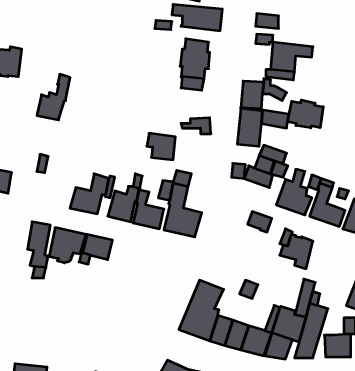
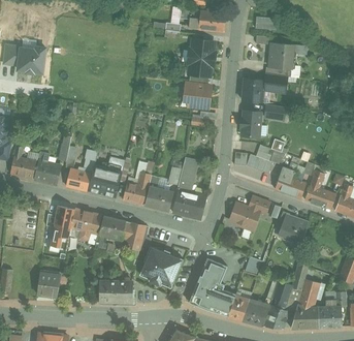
building: [37,74,70,120] -> [67,150,97,191]
building: [288,100,323,128] -> none
building: [147,133,175,160] -> [185,84,211,107]
building: none -> [34,160,61,184]
building: none -> [230,203,260,227]
building: none -> [125,222,146,250]
building: none -> [138,246,182,288]
building: none -> [37,273,61,297]
building: none -> [100,281,133,302]

